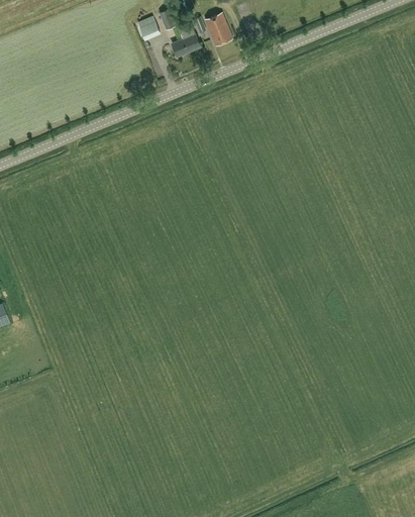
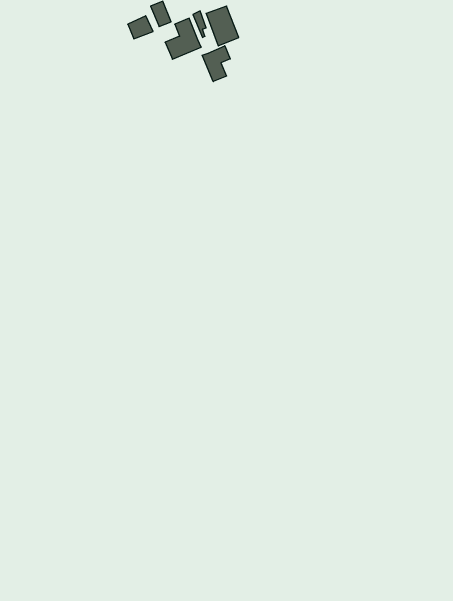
building: none -> [202,46,230,82]

